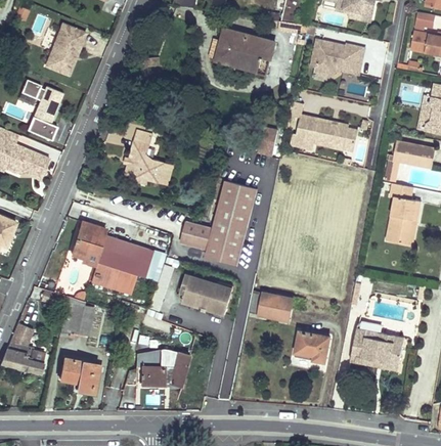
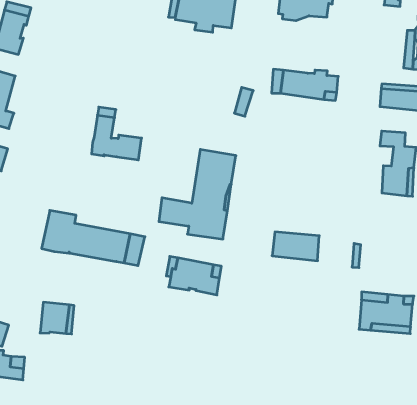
building: [90,261,137,293] -> none
building: [248,289,293,320] -> [272,232,319,261]
building: [295,329,330,361] -> none
building: [135,348,189,387] -> none
building: [59,357,98,392] -> none

